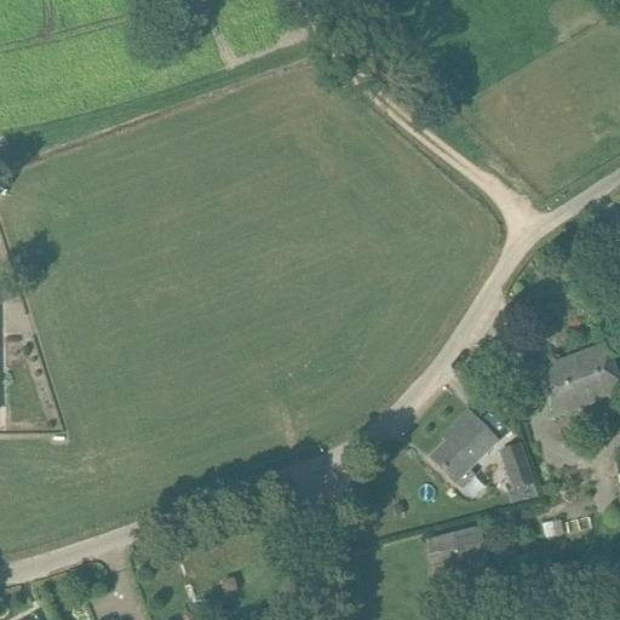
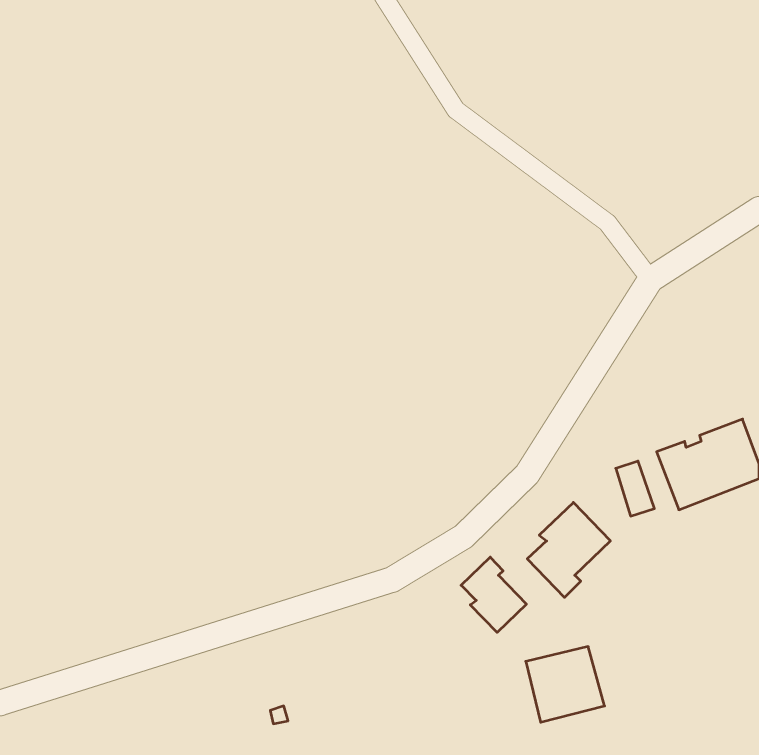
building: [501,442,533,487] -> [616,461,654,516]
building: none -> [461,557,526,632]

